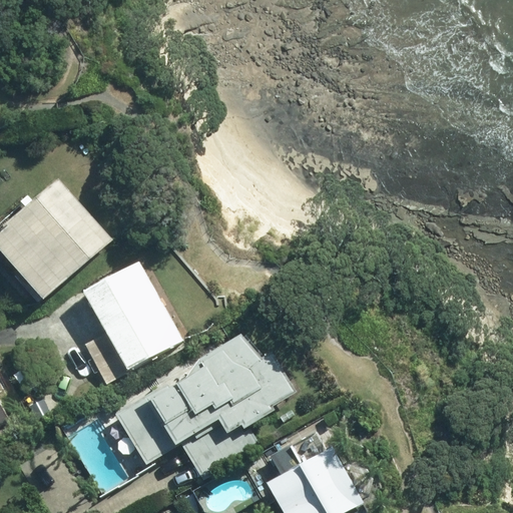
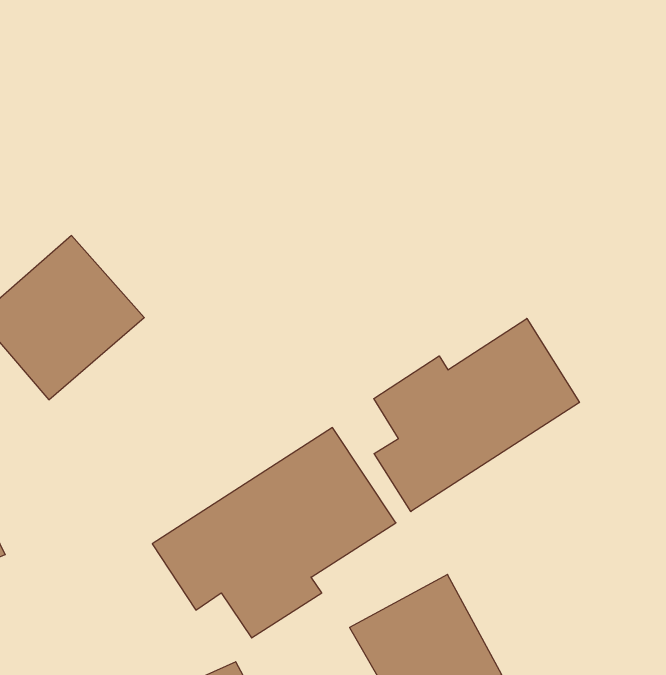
building: none -> [374,318,579,512]
building: [72,260,184,393] -> none

